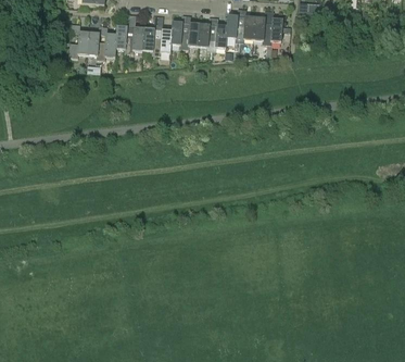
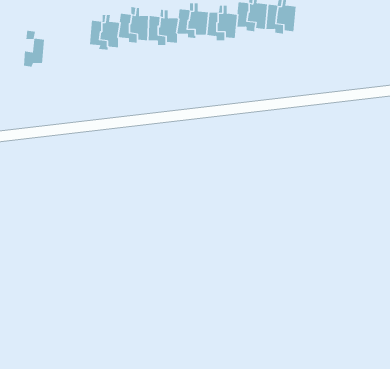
building: [68,21,89,55] -> [23,30,45,67]

